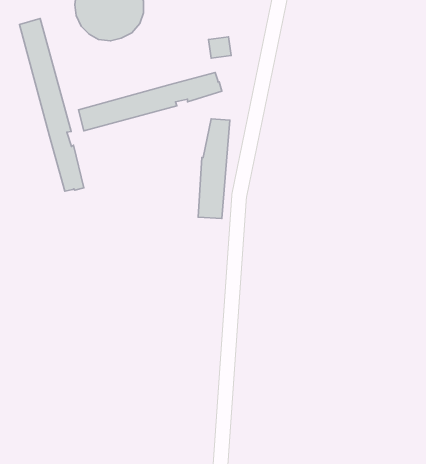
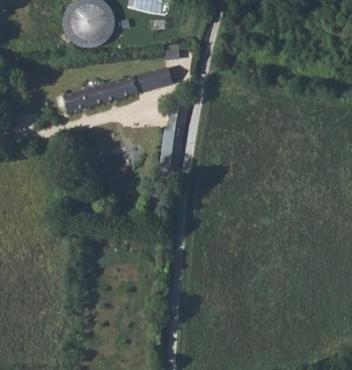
building: [20,18,84,191] -> none

